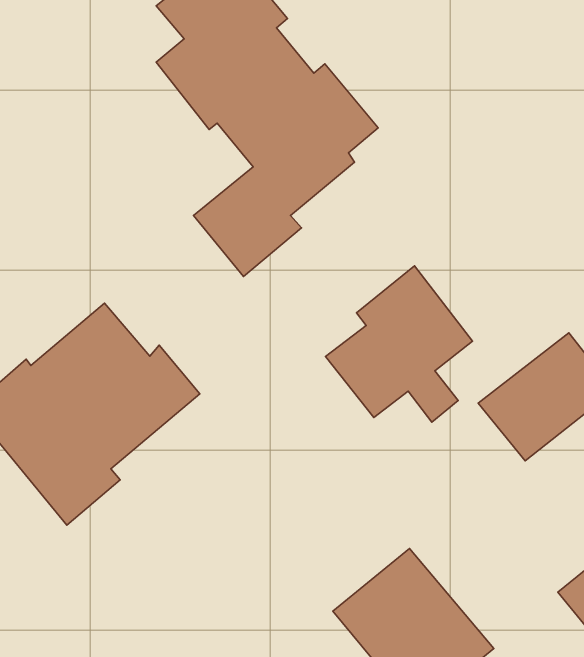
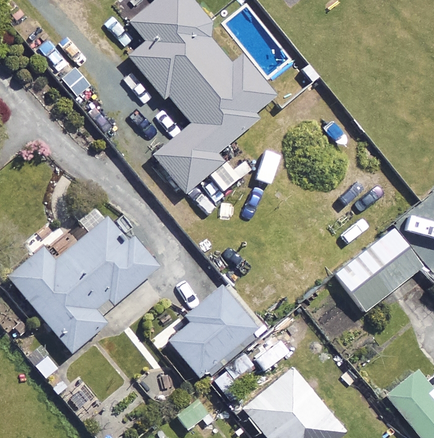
building: [325,266,472,422] -> [170,282,264,382]

